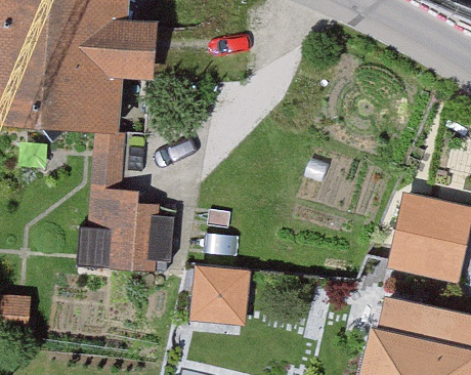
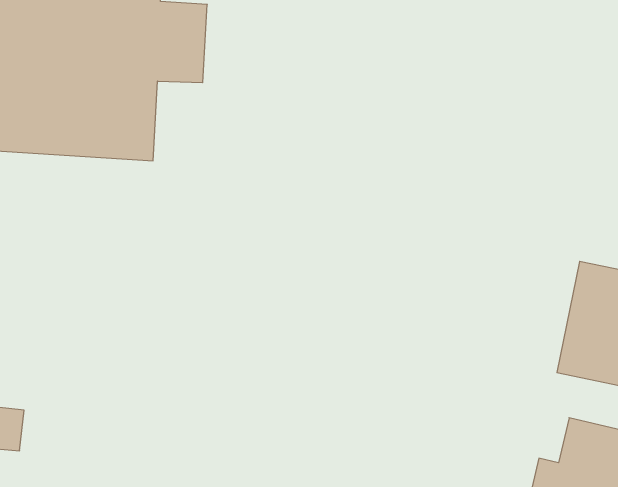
building: [81,134,151,262] -> none
building: [189,255,250,316] -> none

